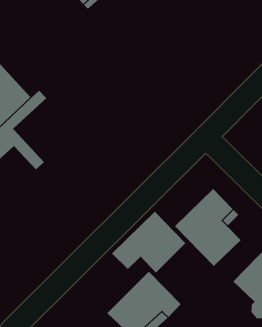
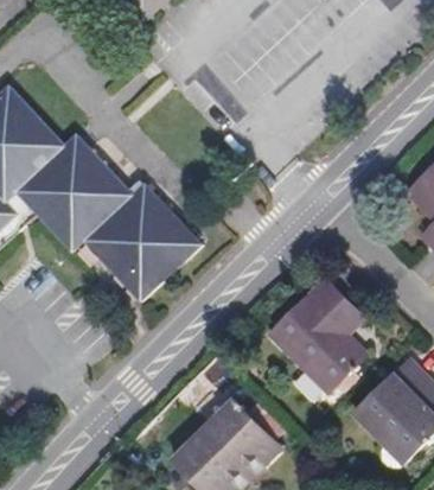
building: none -> [37,146,199,300]
building: [111,211,186,273] -> none

